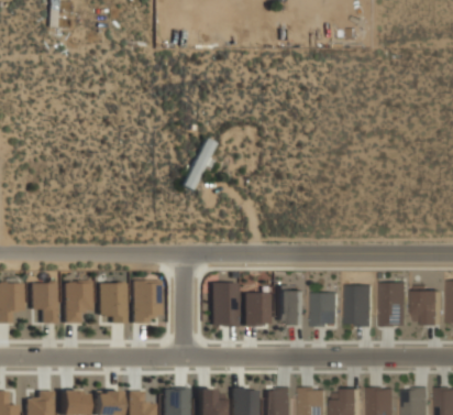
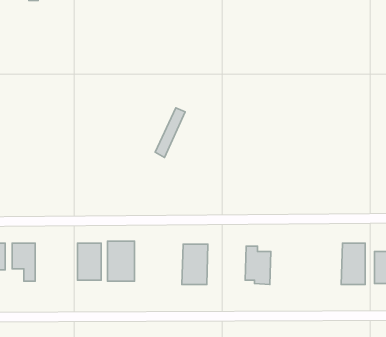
building: [65,282,92,323] -> none
building: [347,283,374,325] -> none
building: [245,293,272,325] -> none
building: [313,293,340,326] -> none

